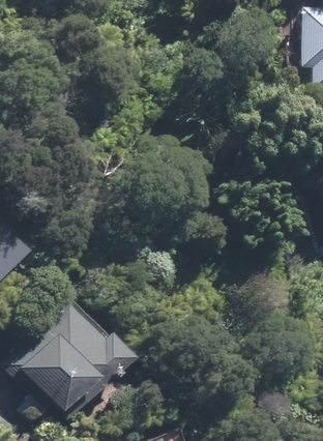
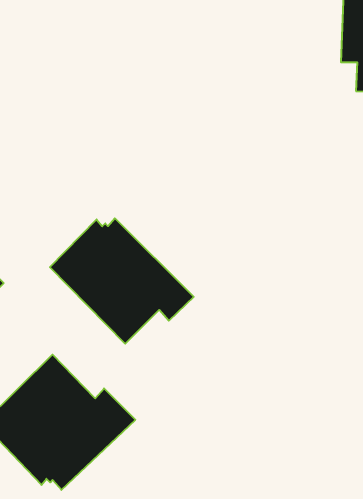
building: none -> [50,218,194,344]

